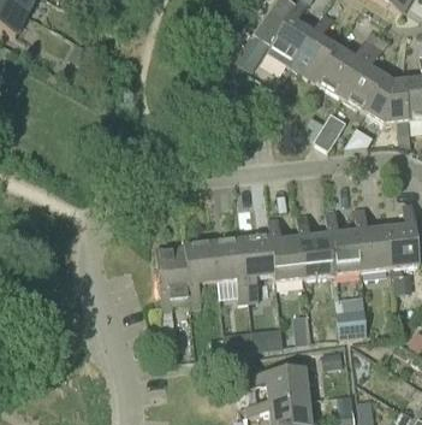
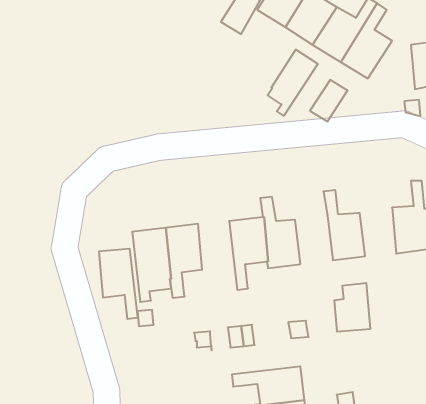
building: [365,76,408,122] -> none
building: none -> [268,49,318,116]
building: [355,206,391,268] -> none
building: [298,212,334,276] -> none
building: [214,237,249,300] -> [99,249,138,319]

